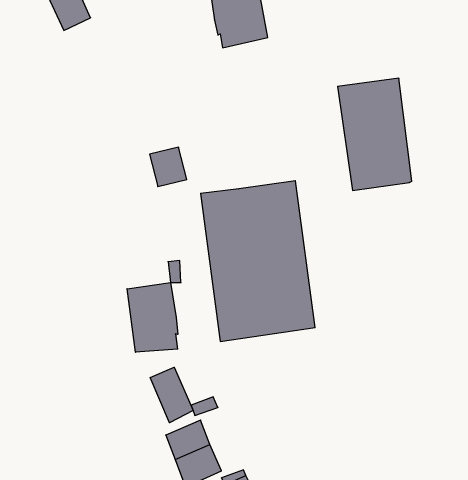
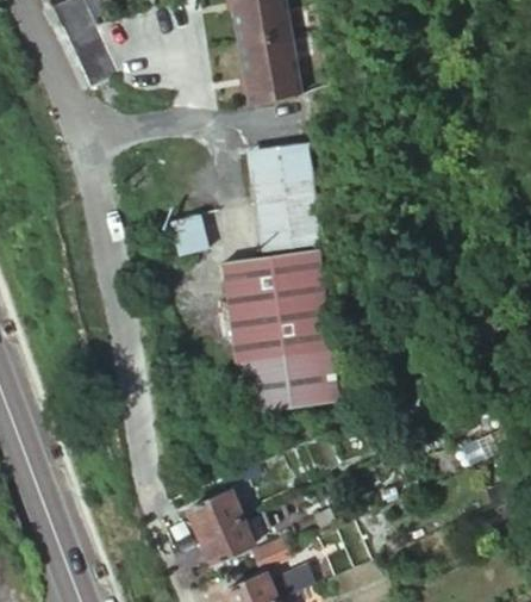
building: [338,78,412,190] -> [250,138,326,254]
building: [127,283,178,352] -> none
building: [150,367,193,423] -> none

